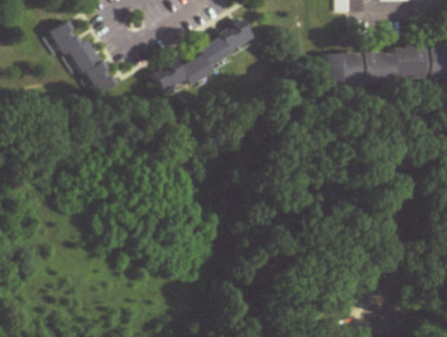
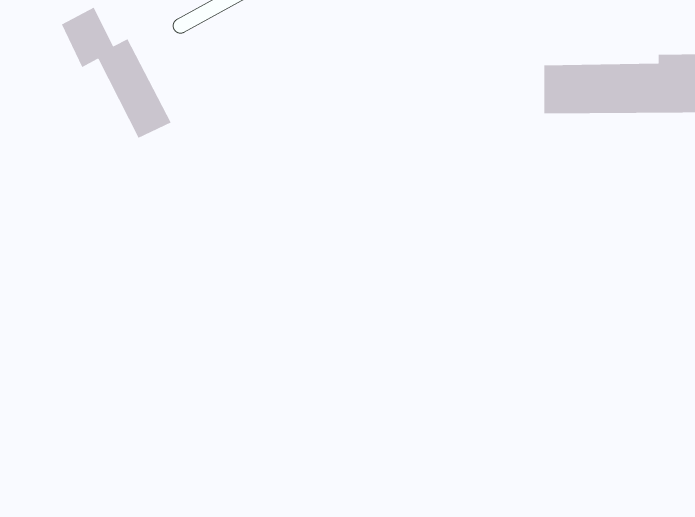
building: [153,23,254,90] -> none

